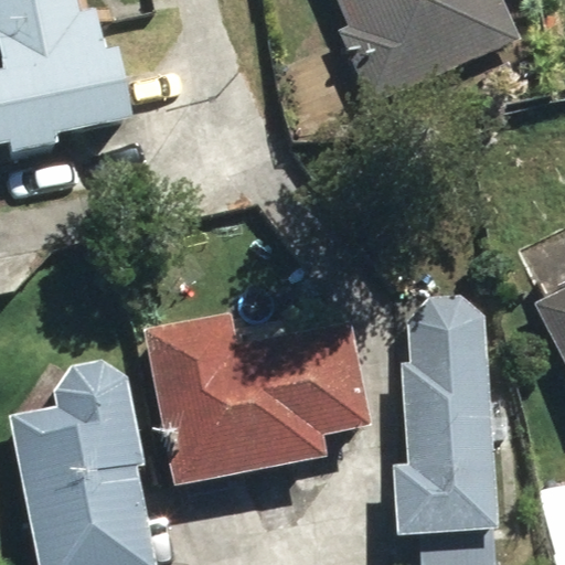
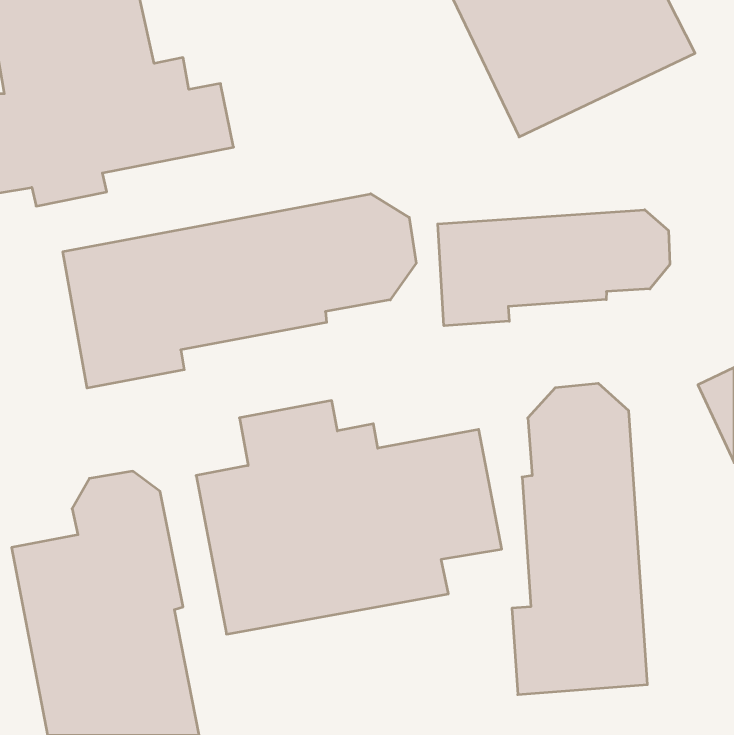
building: none -> [63,194,416,388]
building: none -> [438,210,670,326]

